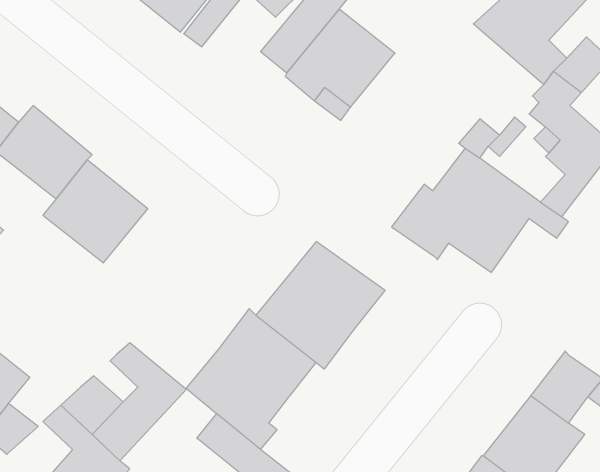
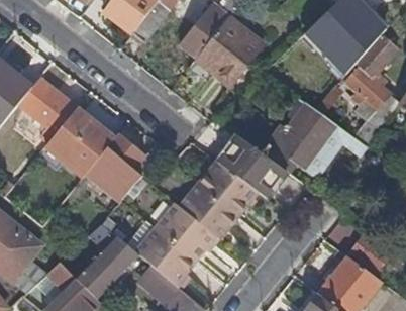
building: none -> [215,133,288,197]
building: none -> [84,140,150,199]

